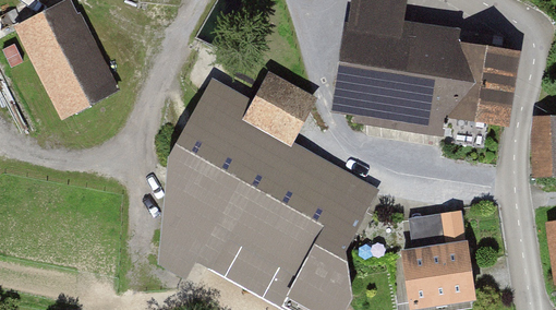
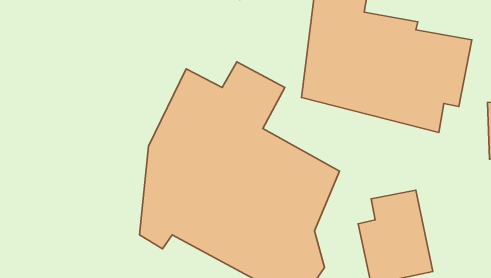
building: [27,13,107,118] -> none

